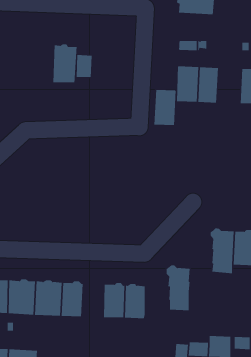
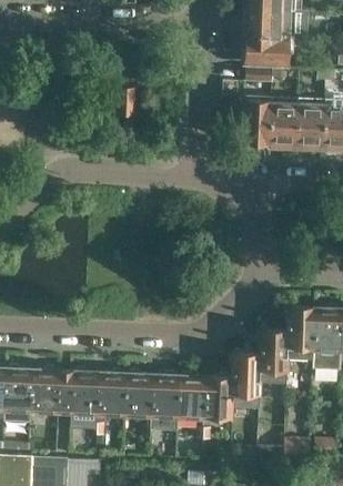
building: none -> [241,34,289,64]
building: [53,44,77,83] -> none
building: [154,89,177,126] -> [295,103,324,149]
building: none -> [256,327,287,385]
building: none -> [123,372,151,417]
building: none -> [202,375,233,419]

